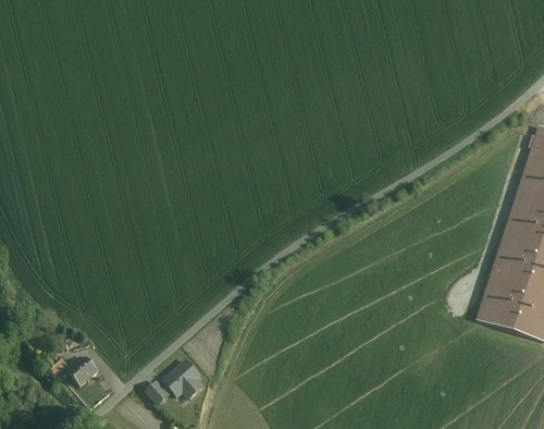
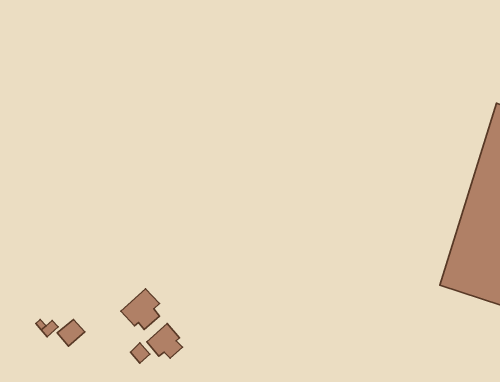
building: none -> [121,289,159,330]

